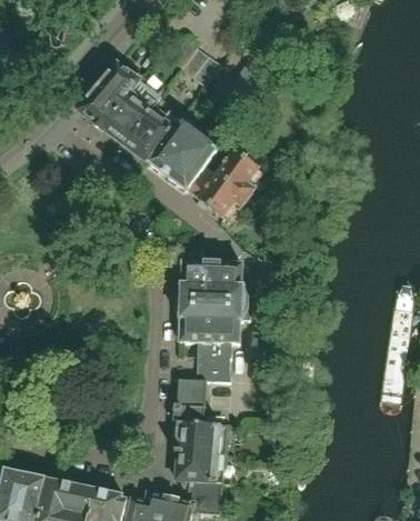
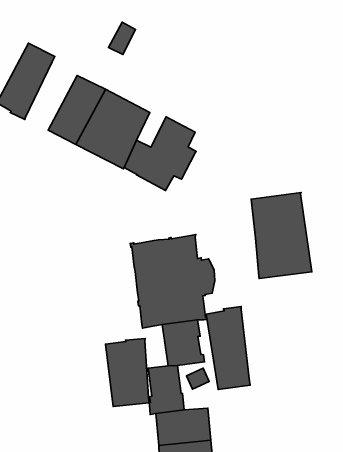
building: [104,82,159,144] -> none
building: none -> [251,192,312,278]
building: none -> [206,307,250,390]
building: none -> [106,338,149,406]

